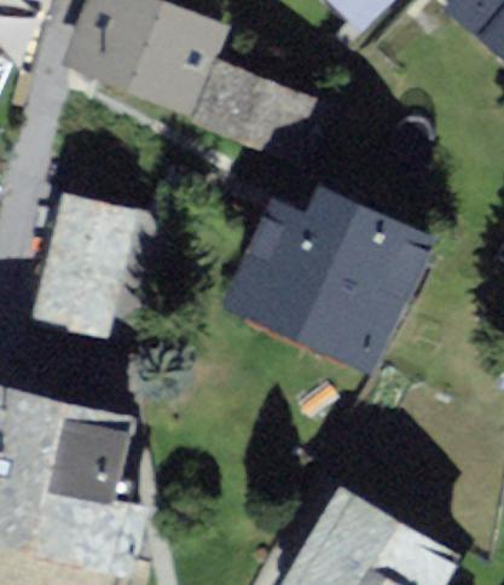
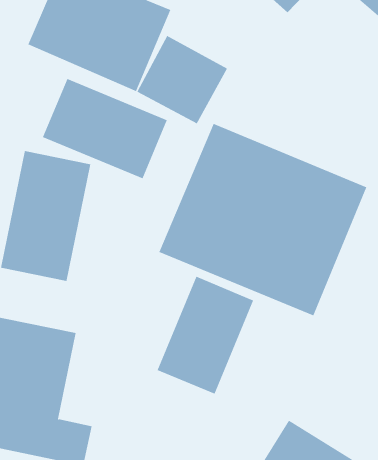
building: none -> [42,78,167,179]
building: none -> [157,276,254,395]

